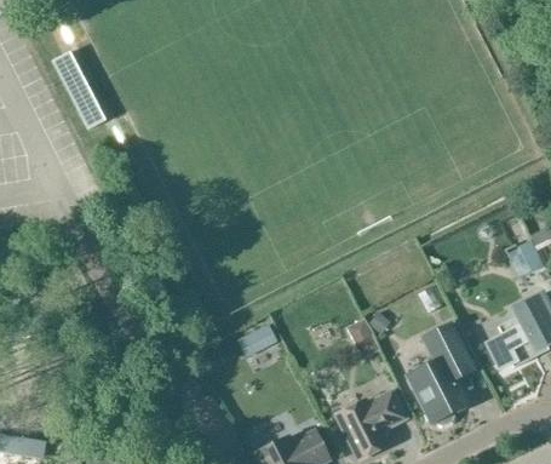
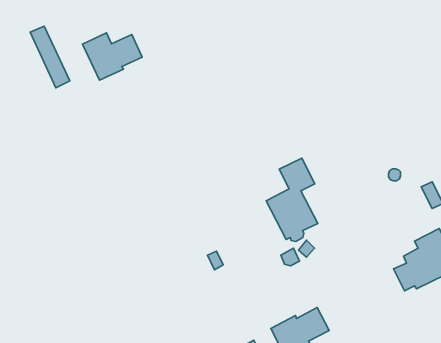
building: none -> [82,33,142,80]
building: [407,325,470,426] -> [266,158,318,241]

